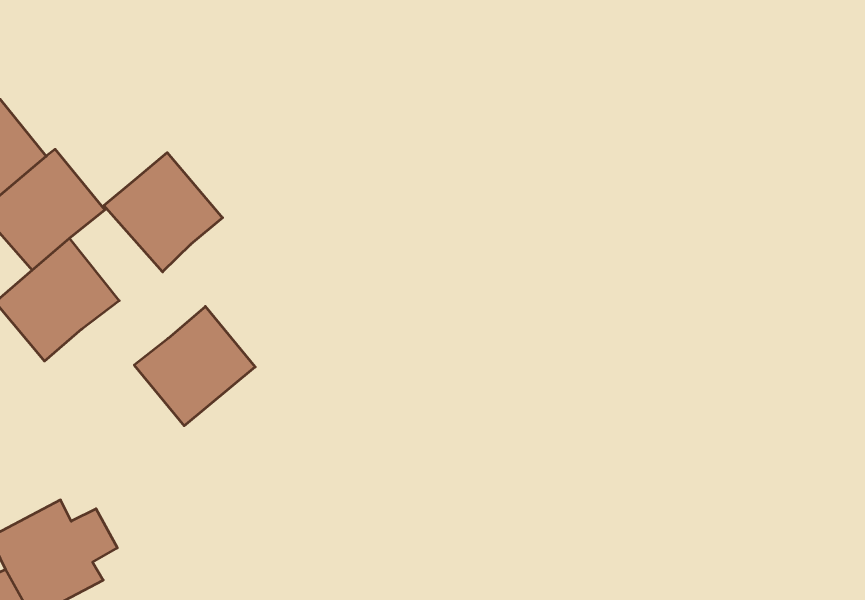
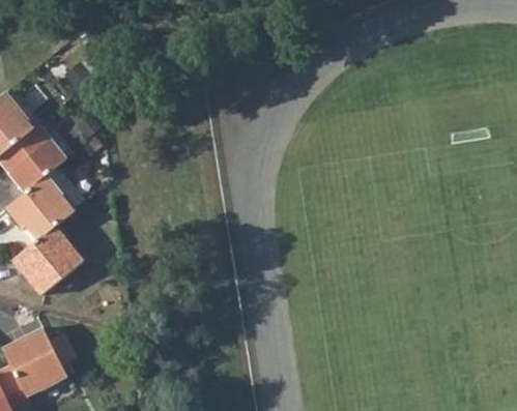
building: [104,153,223,272] -> none
building: [134,306,255,426] -> [12,227,83,296]

